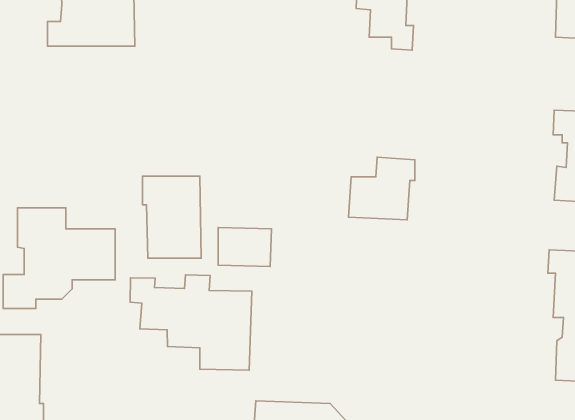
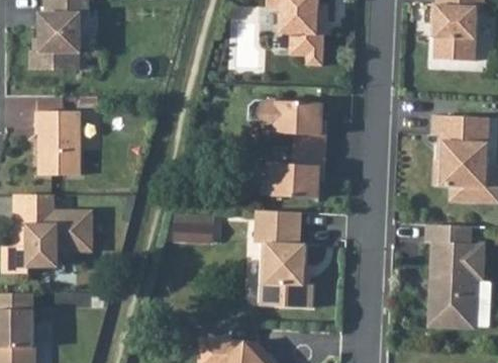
building: none -> [248,103,324,155]
building: [143,176,201,258] -> [34,108,80,172]
building: none -> [255,213,313,311]
building: [130,275,252,370] -> none

